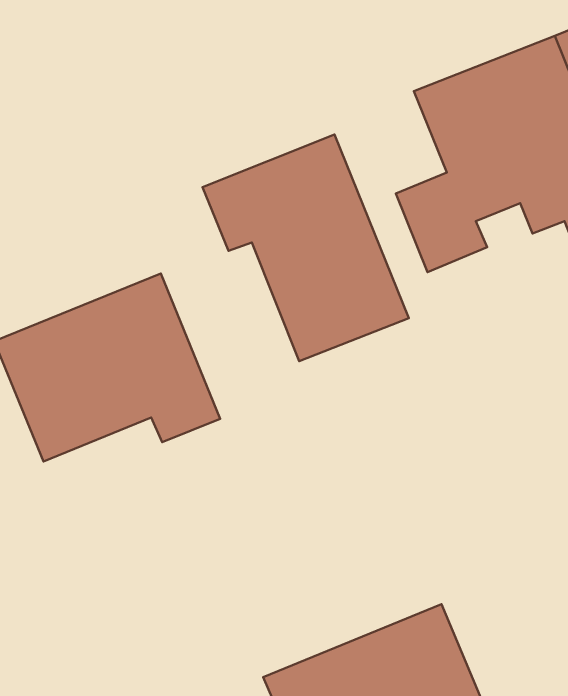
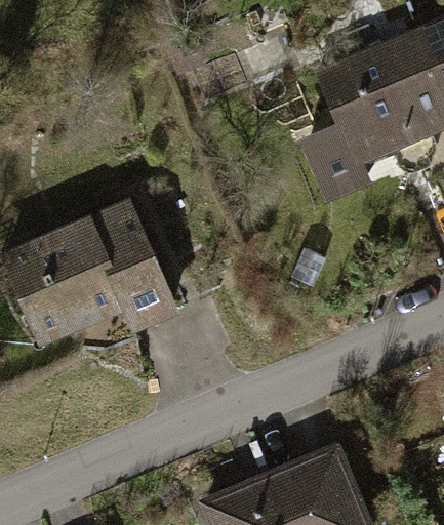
building: [203,134,409,361] -> none

